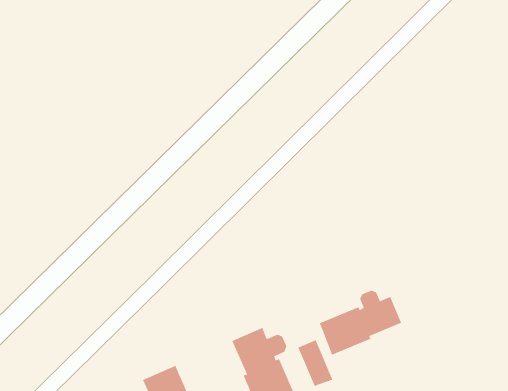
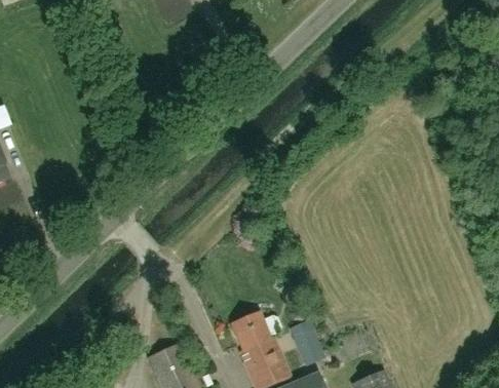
building: [319,290,402,356] -> none

